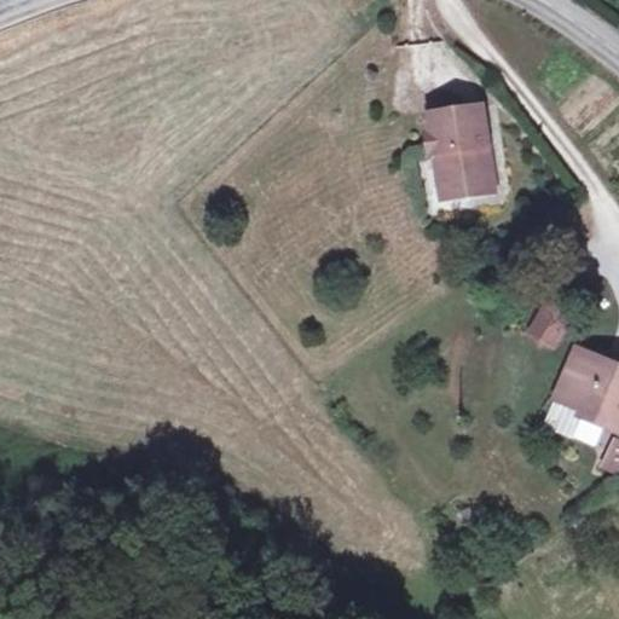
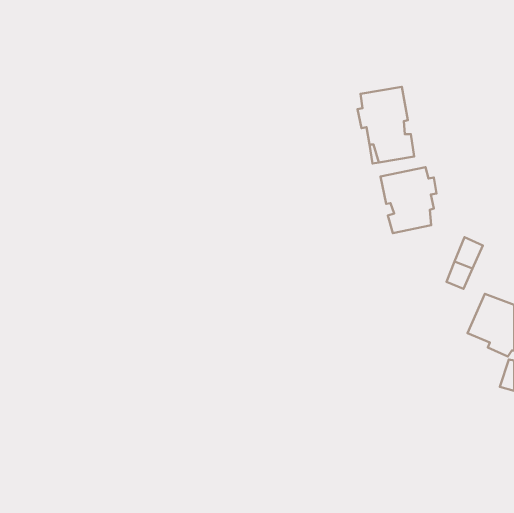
building: none -> [381,167,437,233]

